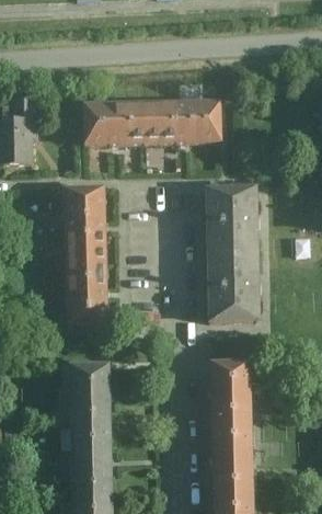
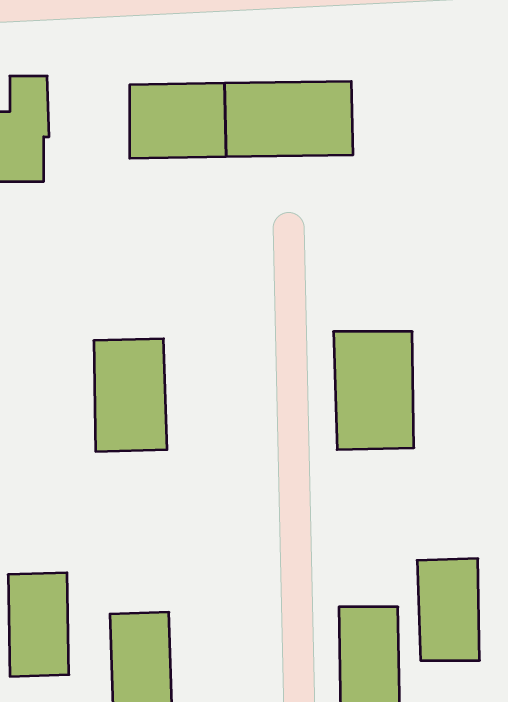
building: [61,186,106,259] -> none
building: [208,186,258,253] -> none
building: [211,359,250,422] -> [417,559,480,660]
building: [72,363,110,426] -> [8,573,69,676]

